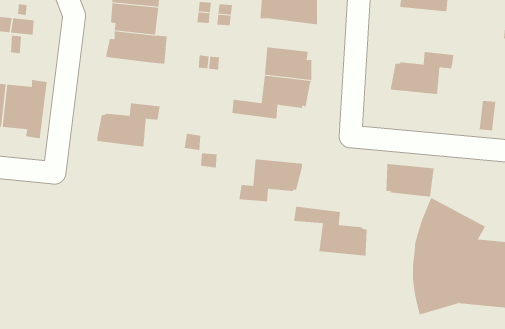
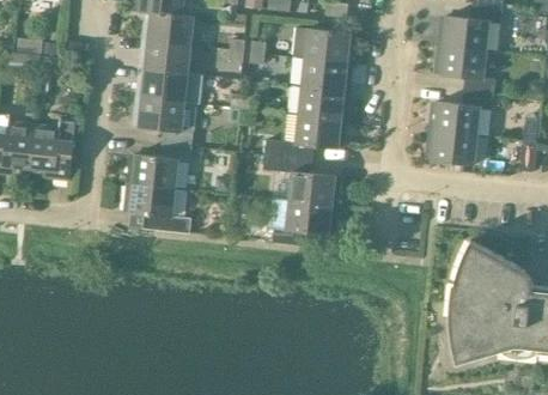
building: none -> [436,45,494,95]
building: none -> [300,57,353,91]
building: none -> [134,97,196,147]
building: none -> [124,183,190,233]
building: [385,163,434,197] -> [426,130,476,165]
building: [293,206,368,256] -> [262,154,339,206]

